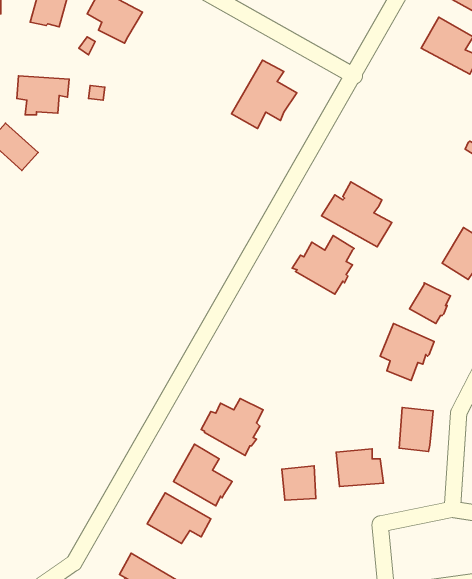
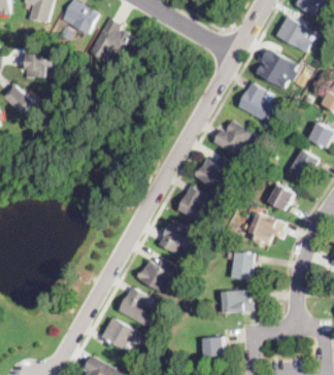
building: [232,60,297,129] -> [89,16,130,60]
building: none -> [257,47,298,89]
building: none -> [237,81,274,122]
building: none -> [176,185,214,225]
building: none -> [158,219,199,253]
building: [399,408,433,452] -> [232,251,254,279]
building: [282,466,316,500] -> [202,336,224,357]

